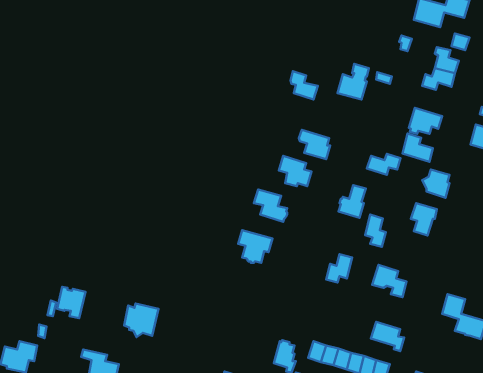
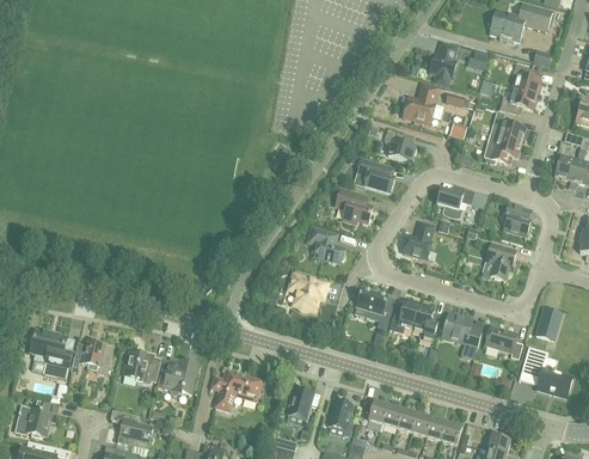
building: none -> [429,42,456,85]
building: [291,71,318,99] -> [384,128,415,160]
building: [402,134,433,162] -> [490,110,524,142]
building: [365,214,386,247] -> [412,304,436,341]
building: none -> [354,287,393,328]
building: none -> [534,306,562,338]
building: none -> [30,329,72,378]
building: none -> [122,349,160,384]
building: none -> [209,368,262,409]
building: [371,322,404,351] -> [484,324,522,357]
building: none -> [289,386,313,417]

